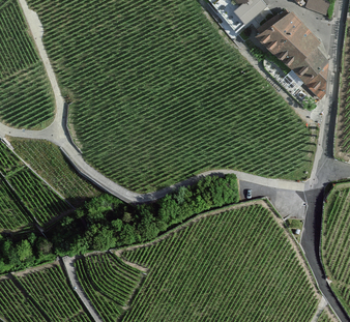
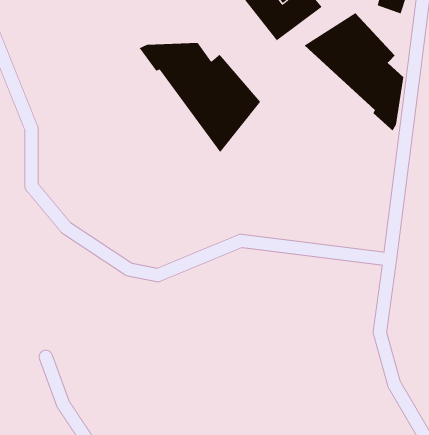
building: none -> [139,42,261,153]

